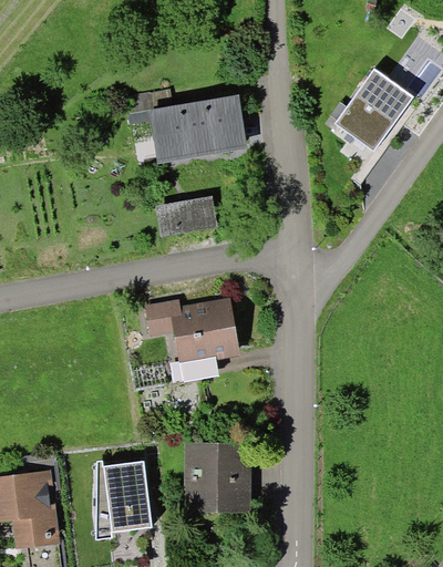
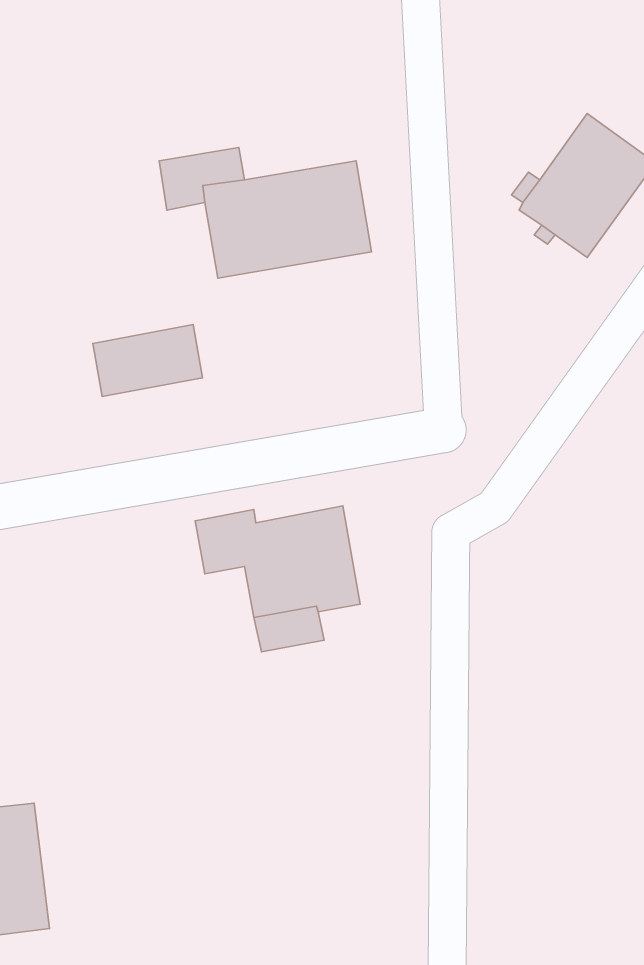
building: [154,195,218,237] -> [93,325,203,397]
building: [184,442,251,513] -> none
building: [95,461,153,540] -> none

